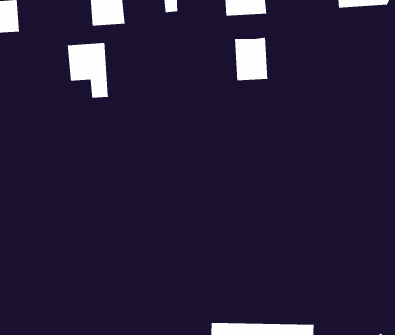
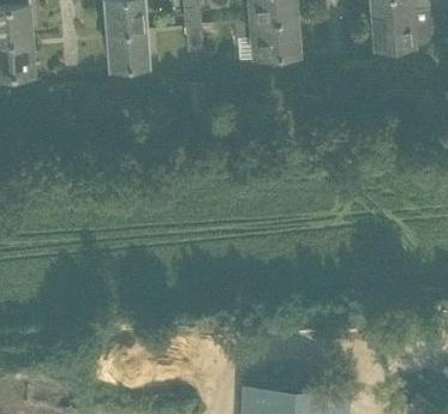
building: [235,37,268,81] -> none
building: [67,42,109,98] -> none

